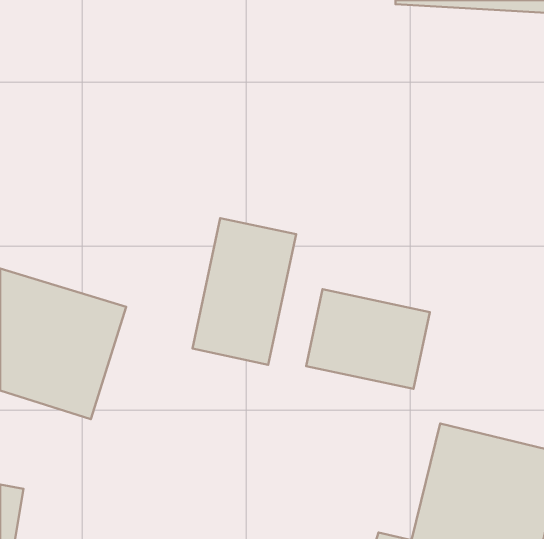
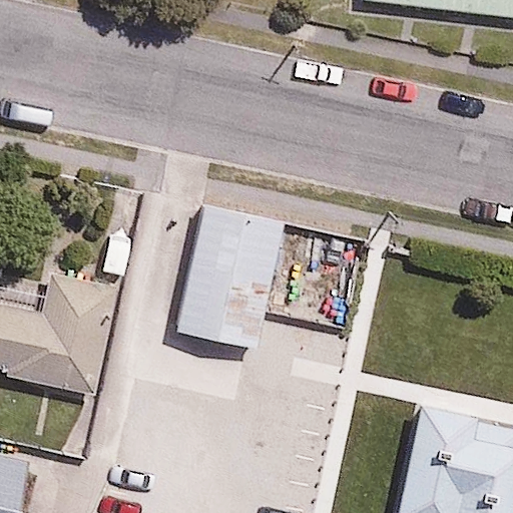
building: [306,289,430,389] -> none

